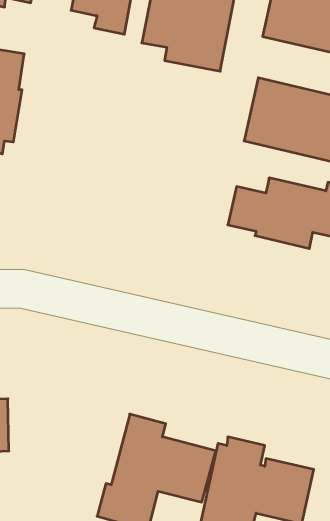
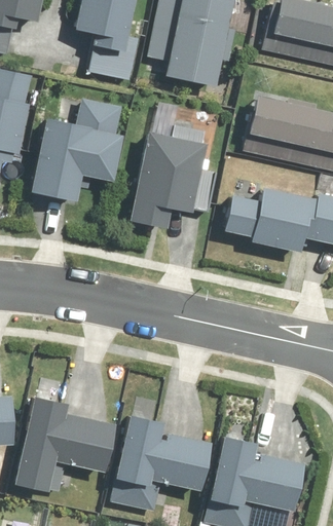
building: none -> [32,97,123,200]
building: none -> [130,128,214,227]
building: none -> [15,393,118,491]

